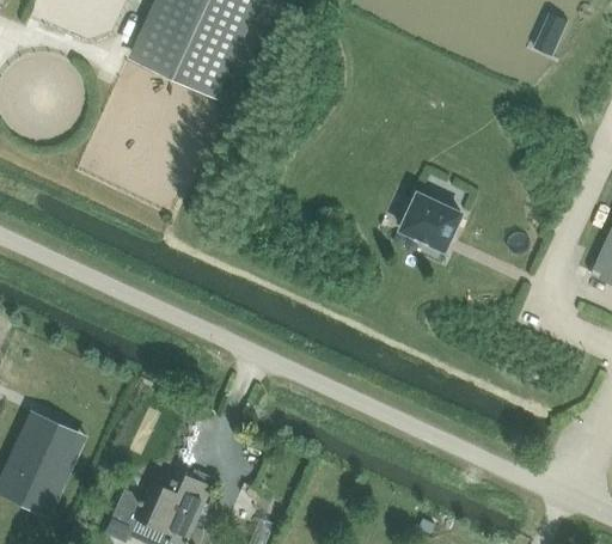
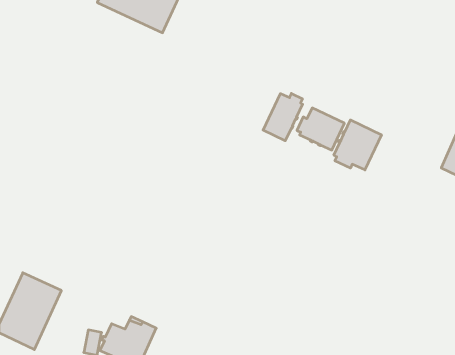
building: none -> [263,93,303,141]
building: none -> [334,120,381,170]

